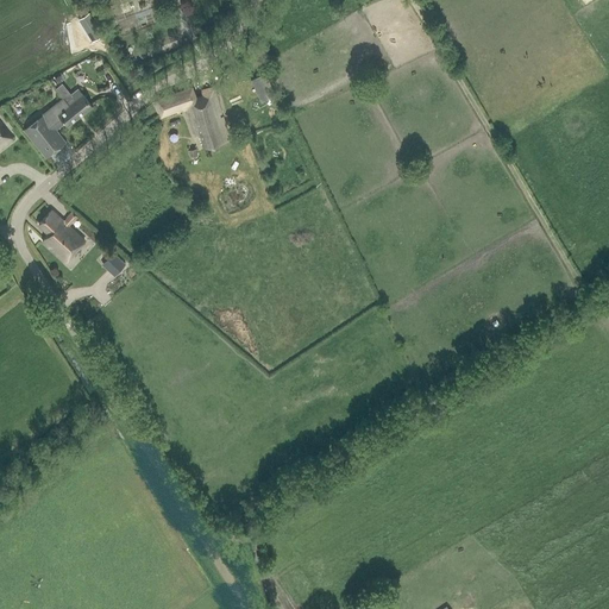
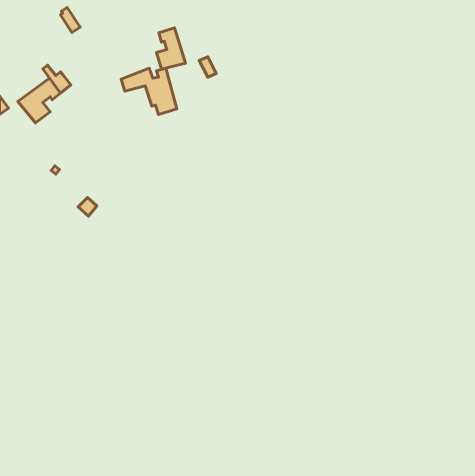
building: none -> [157,28,186,69]
building: [38,209,83,262] -> none

